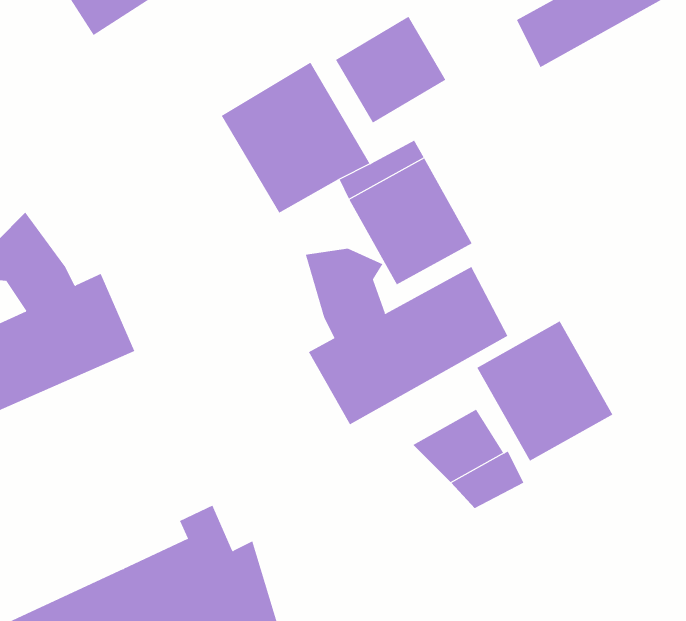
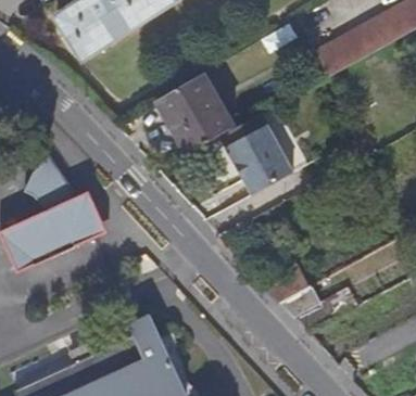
building: [335,16,446,124] -> none
building: [305,248,508,425] -> none
building: [476,321,613,461] -> none

